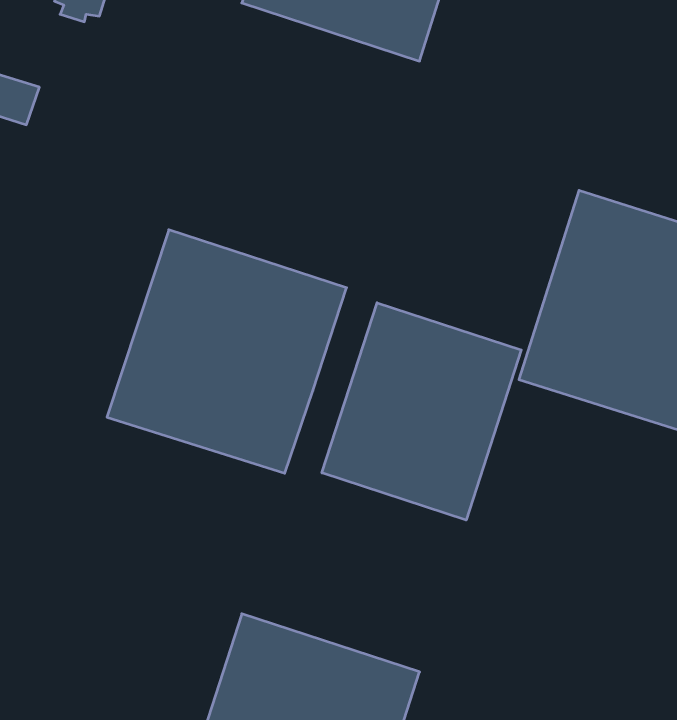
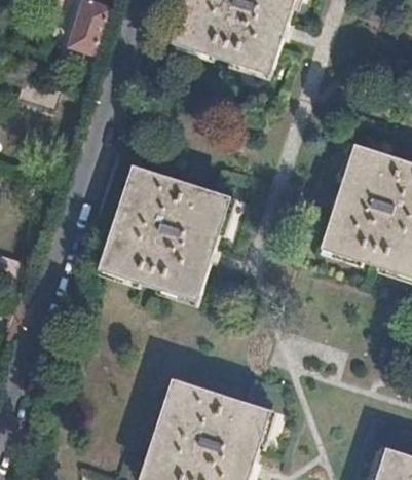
building: [322,303,521,520] -> none

